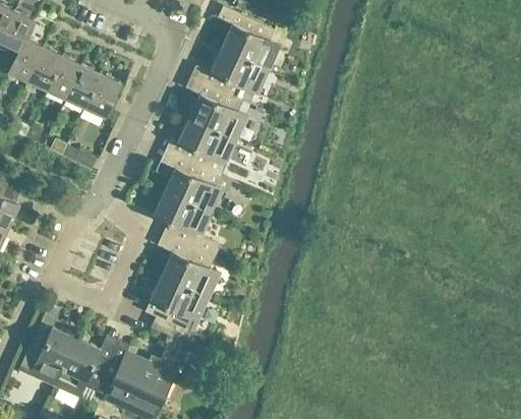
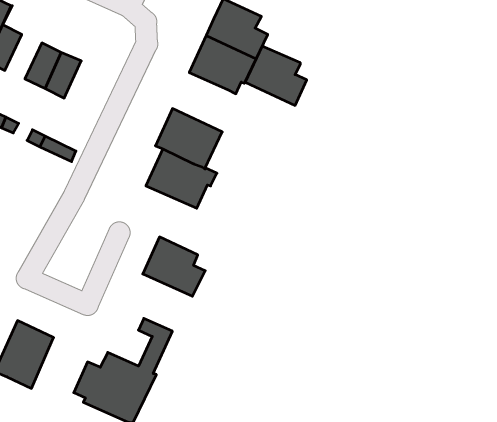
building: [27,46,63,88] -> none
building: [84,71,120,115] -> none
building: [188,82,247,139] -> [245,46,307,105]
building: [152,191,219,257] -> none
building: [143,276,208,331] -> none
building: [53,337,110,397] -> none

